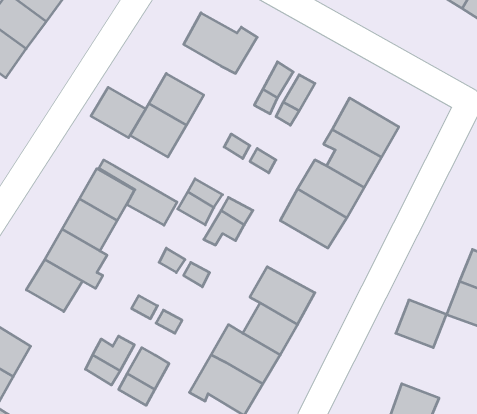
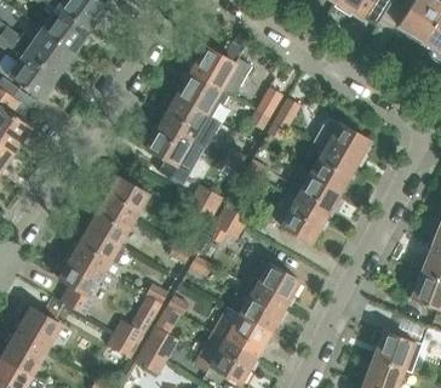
building: [91,87,146,138] -> [176,72,222,114]
building: [99,160,177,225] -> none
building: [396,300,446,348] -> [373,329,416,369]

